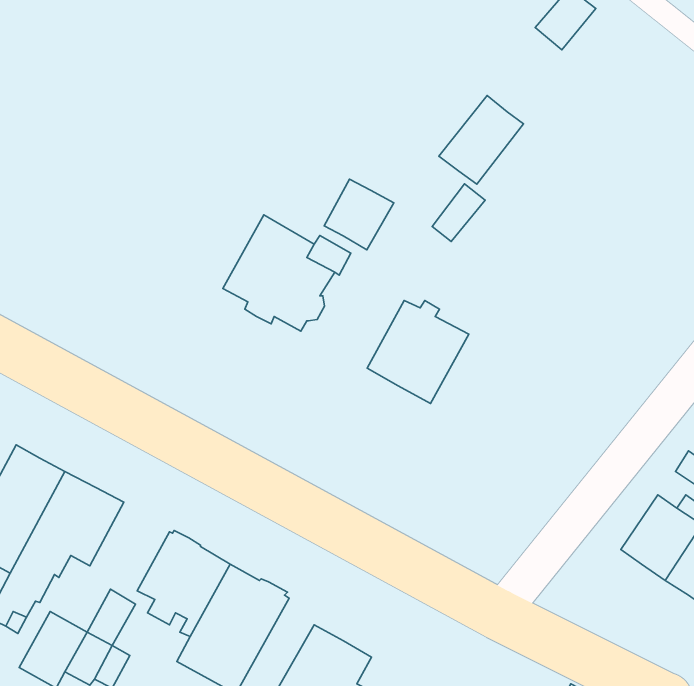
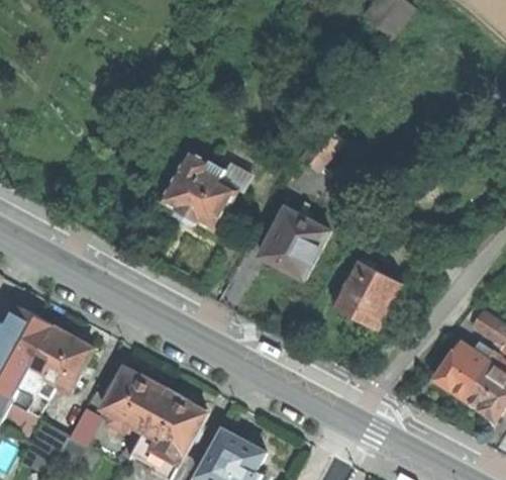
building: [439,95,524,184] -> none
building: [324,179,394,250] -> none
building: none -> [331,260,400,329]

